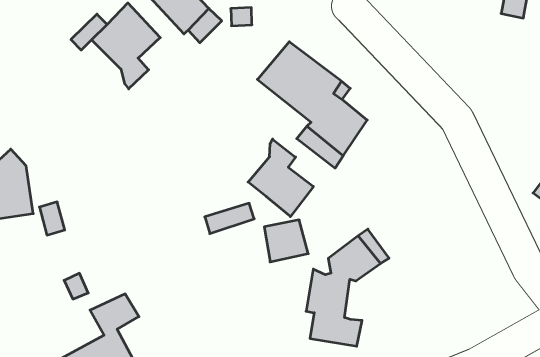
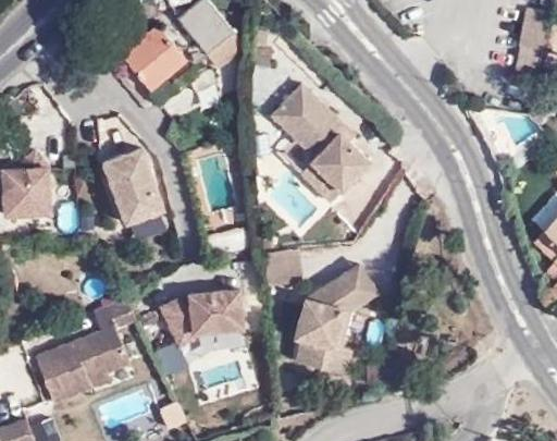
building: none -> [101,149,161,224]
building: [248,139,313,217] -> none
building: none -> [158,290,240,347]

